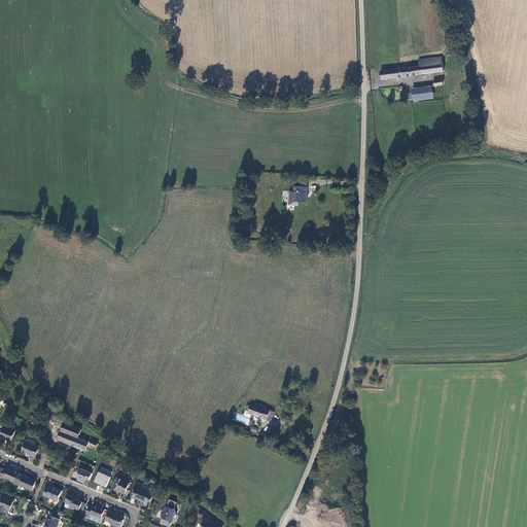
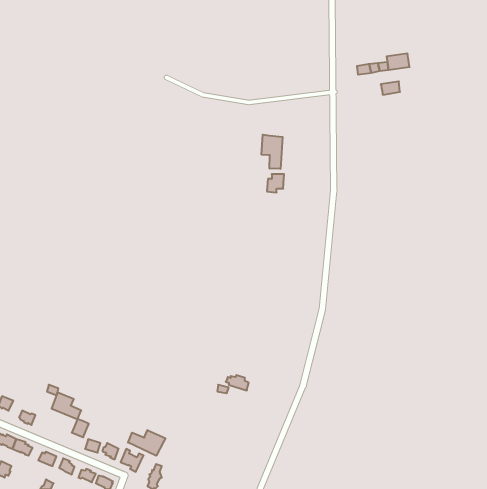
building: none -> [262,135,283,169]
building: none -> [128,430,165,456]

